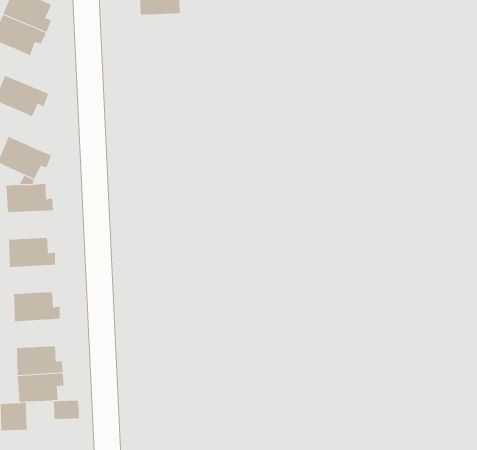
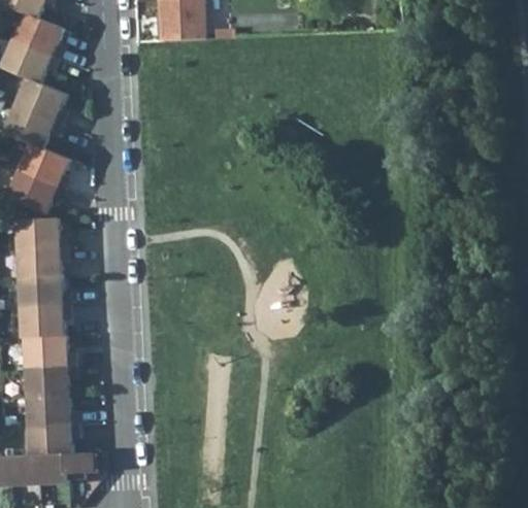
building: none -> [12,76,66,124]
building: none -> [16,142,69,190]
building: none -> [15,248,65,279]
building: none -> [18,306,68,337]
building: none -> [23,364,73,395]
building: none -> [36,451,65,482]

